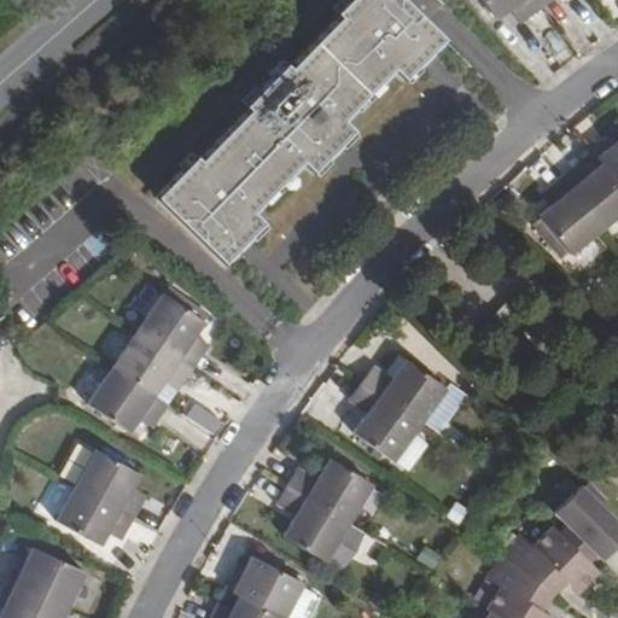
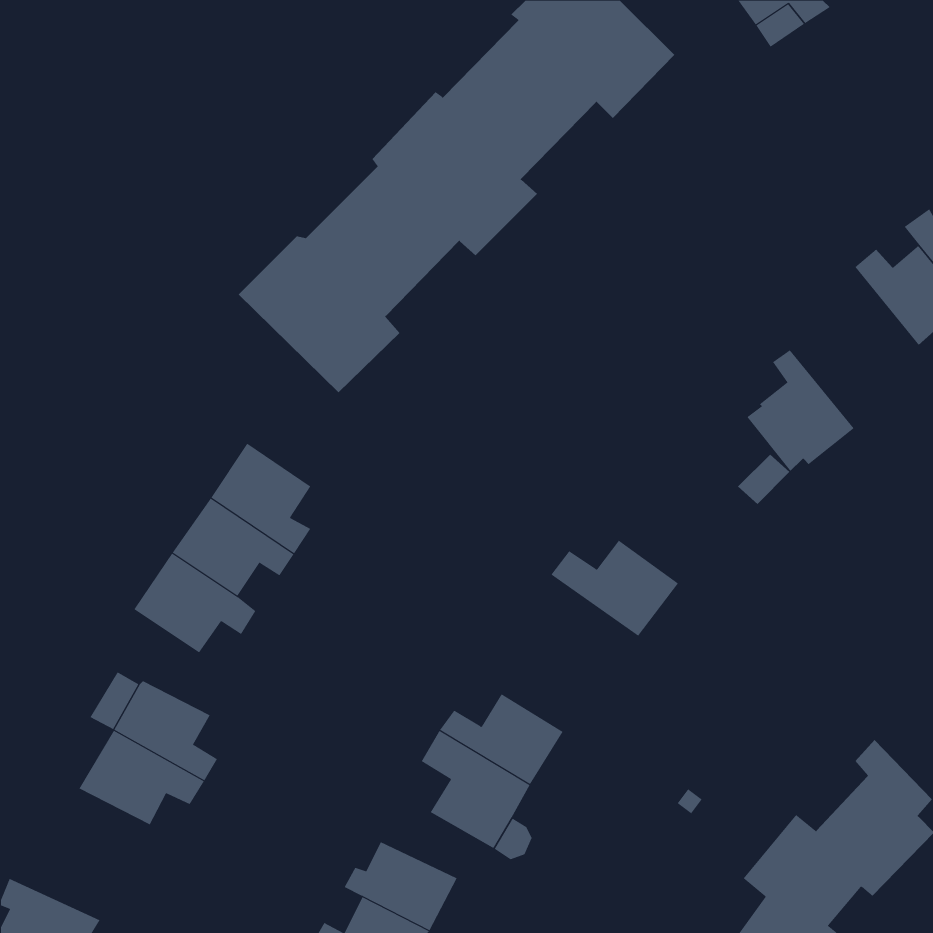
building: [536,177,607,258] -> [746,349,854,472]
building: [350,380,422,460] -> none
building: [7,547,84,608] -> none

